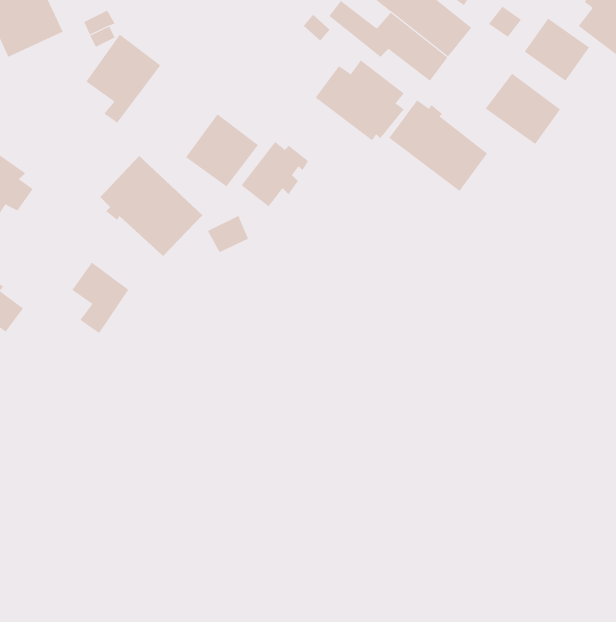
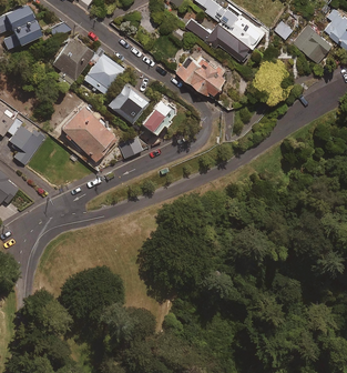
building: none -> [83,48,125,95]
building: [485,73,561,145] -> none
building: [389,100,488,192] -> none
building: [72,262,129,334] -> [10,125,42,165]

